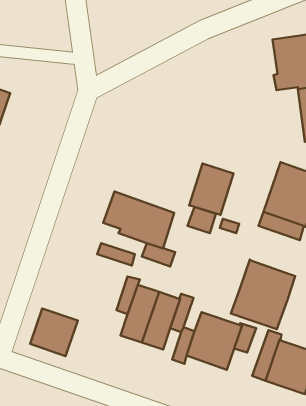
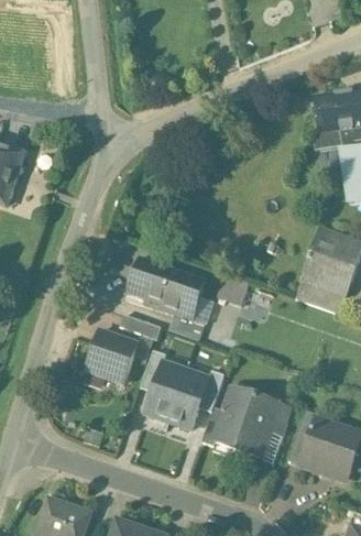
building: [189,163,233,215] -> none
building: [231,259,295,329] -> none
building: [30,309,78,356] -> [85,331,136,383]

